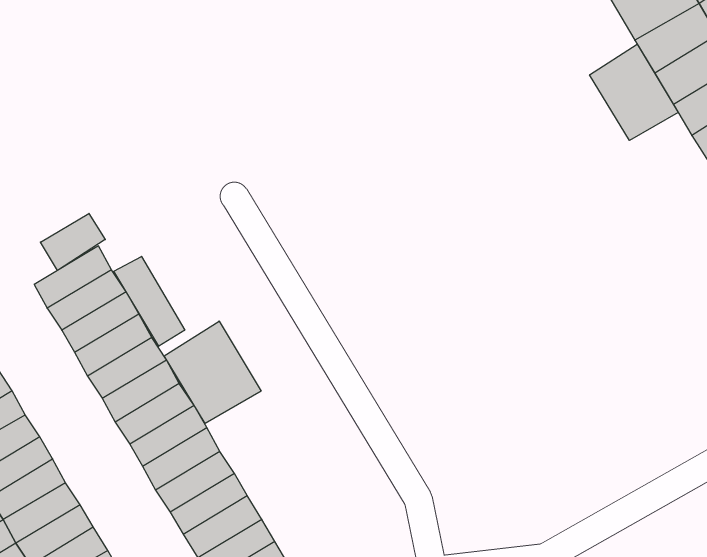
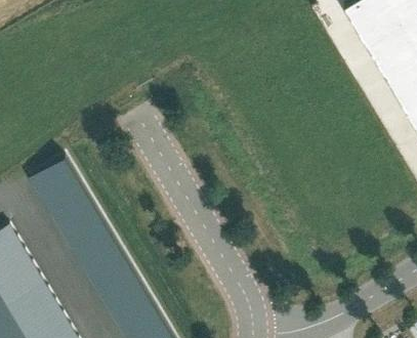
building: [590,44,678,140] -> none
building: [40,213,105,270] -> none
building: [114,256,185,346] -> none
building: [164,321,261,423] -> none

